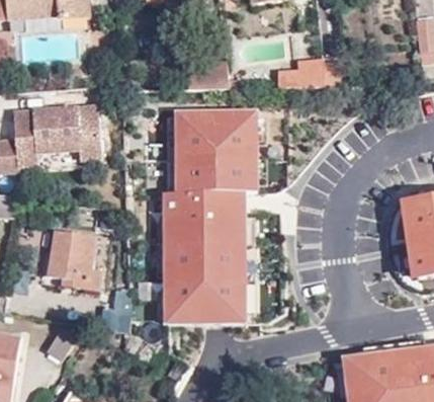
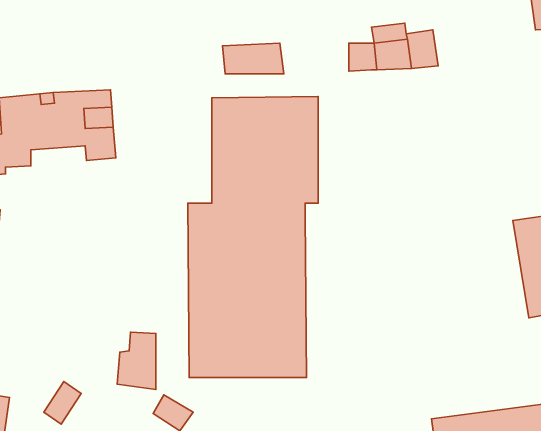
building: [47,230,100,291] -> none

